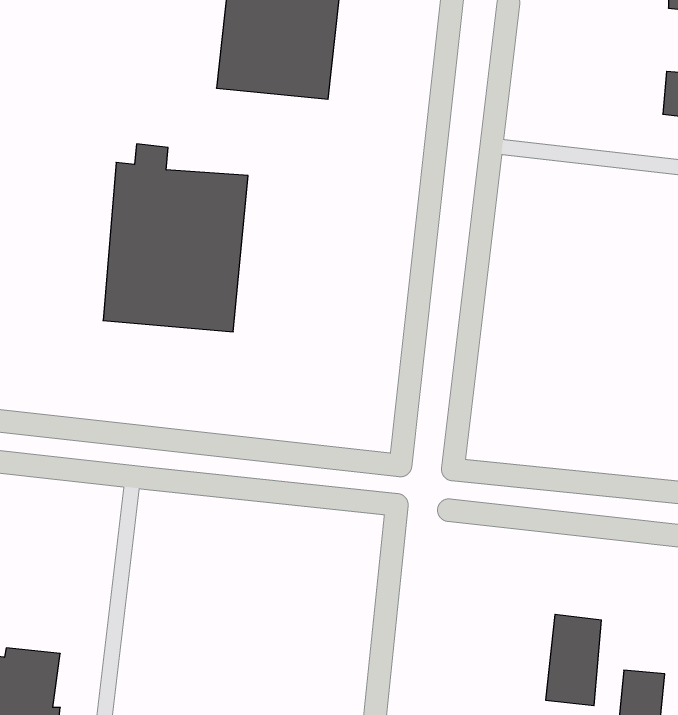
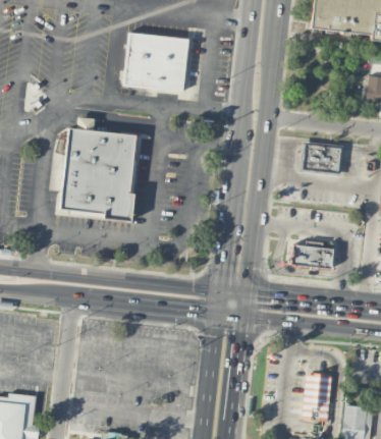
building: none -> [301,143,342,173]
building: none -> [290,241,333,268]

